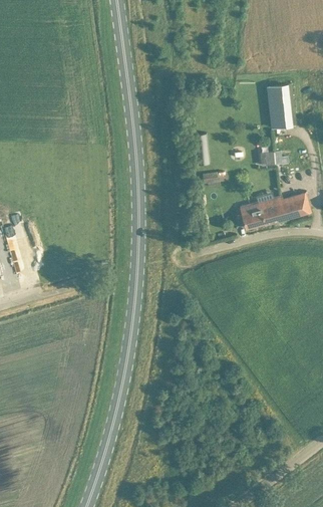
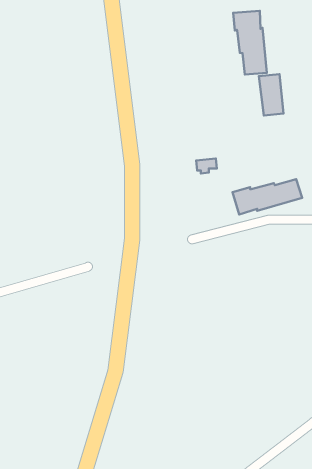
building: none -> [233,11,267,74]

